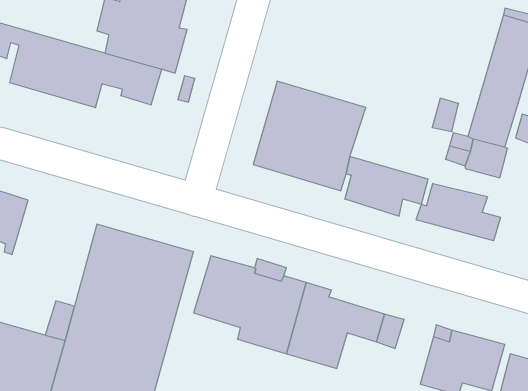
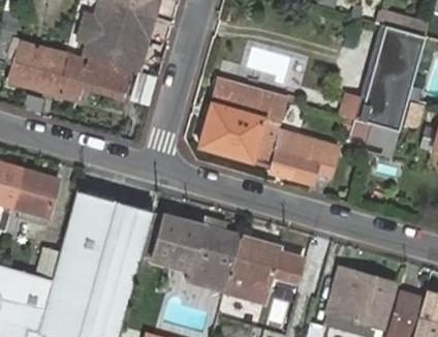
building: [416,183,500,241] -> none
building: none -> [10,172,57,217]

